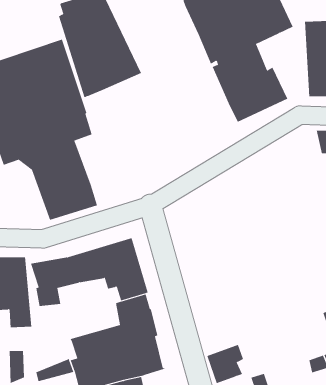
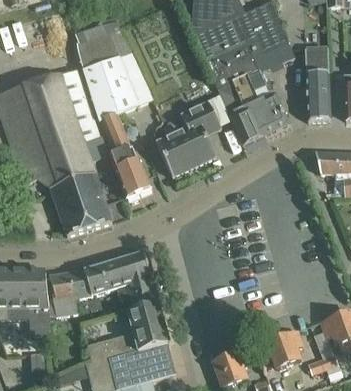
building: none -> [156,101,221,177]
building: none -> [103,114,151,197]
building: none -> [267,330,302,368]

